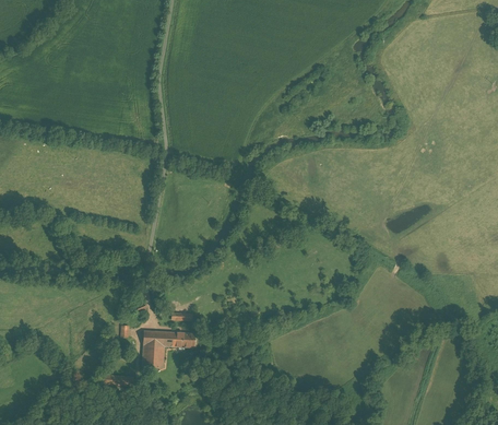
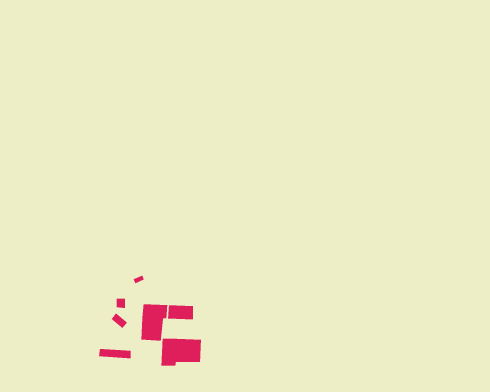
building: none -> [161,338,202,367]

